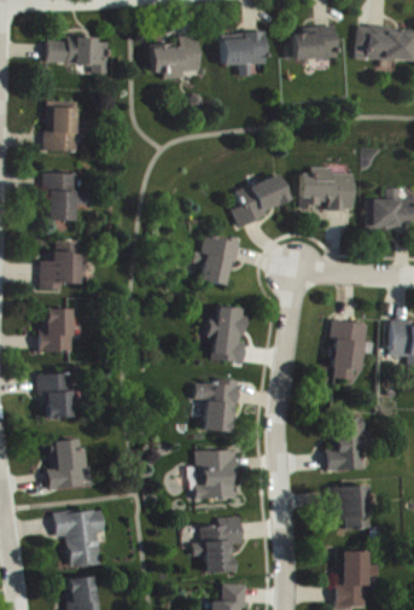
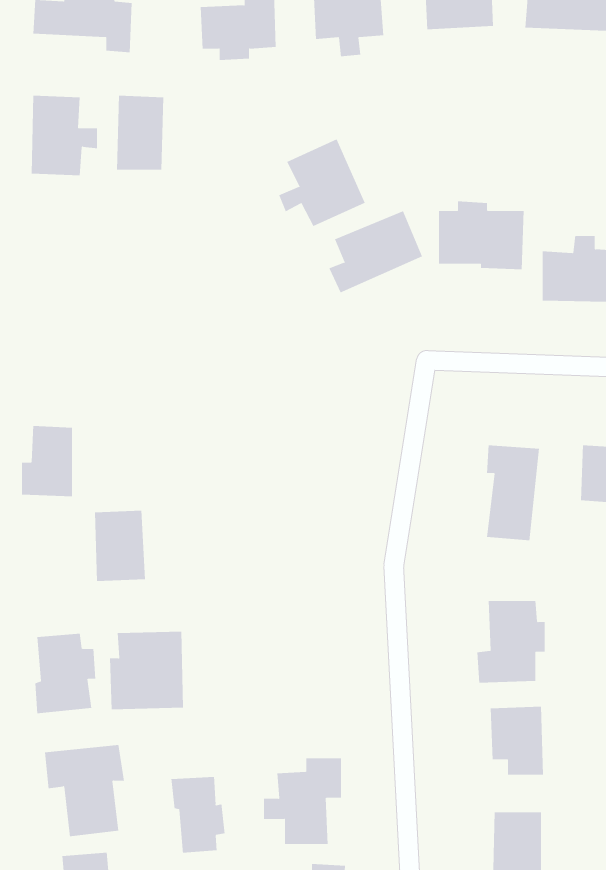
building: none -> [279,138,365,227]
building: [46,173,76,220] -> [116,95,164,170]
building: [193,236,237,285] -> none
building: [40,238,86,290] -> none
building: [206,306,246,364] -> none
building: [41,373,74,418] -> [94,510,146,581]
building: [193,378,237,432] -> none
building: [189,449,237,499] -> [109,631,184,710]
building: none -> [171,776,225,853]

